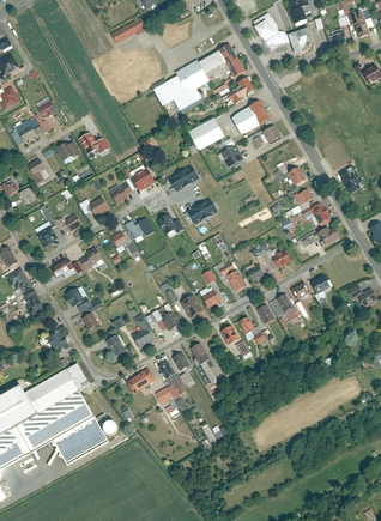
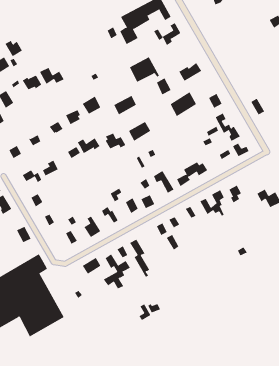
building: [232,102,266,133] -> [170,92,197,117]

